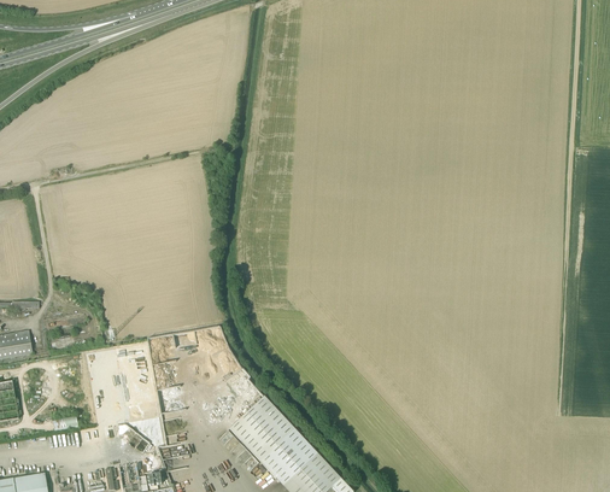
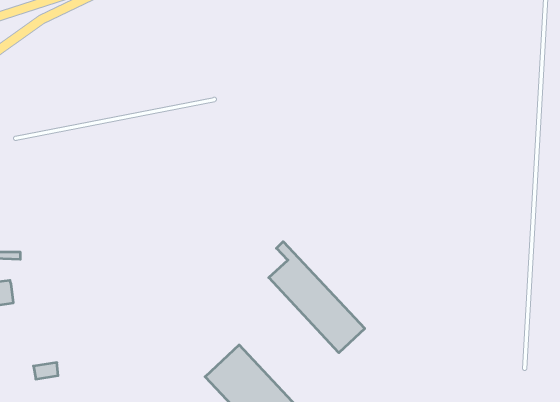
building: none -> [269,242,365,353]

